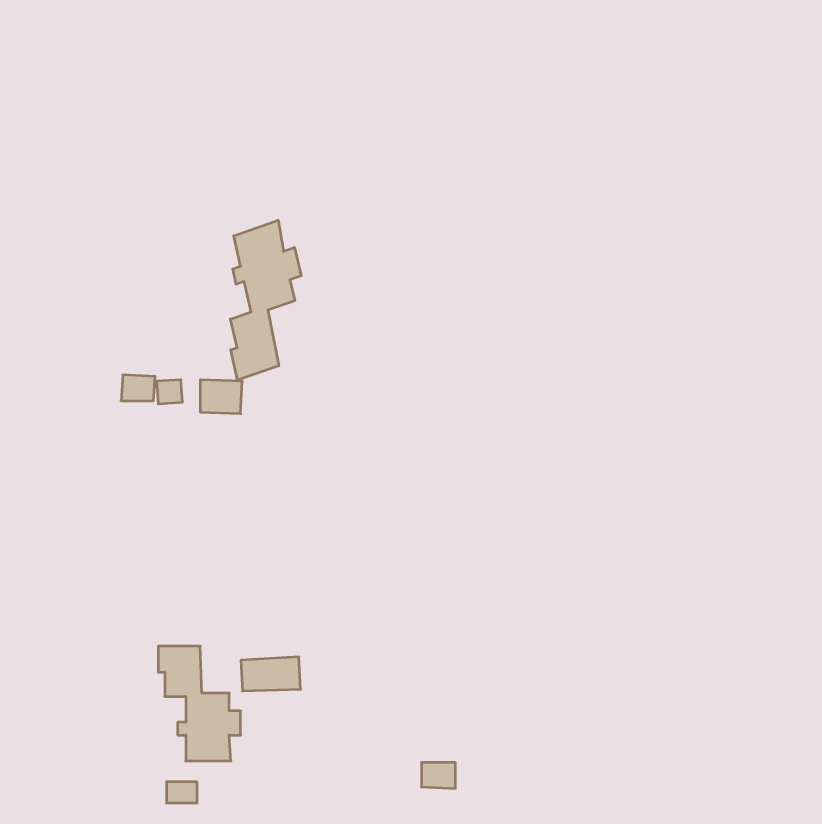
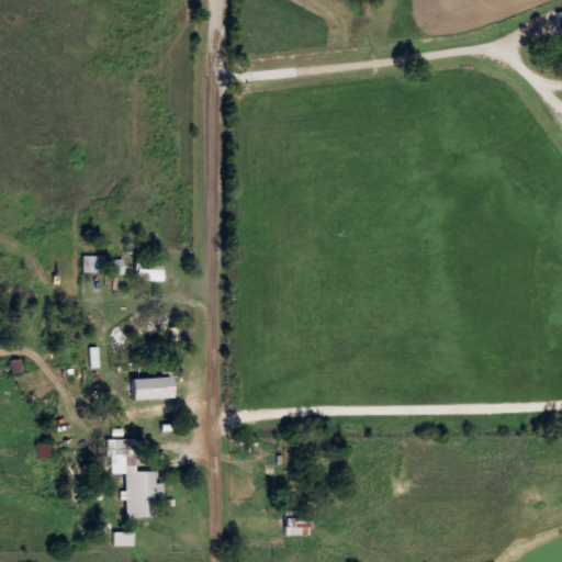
building: [230,220,301,380] -> none
building: [241,657,301,691] -> [134,376,175,400]

